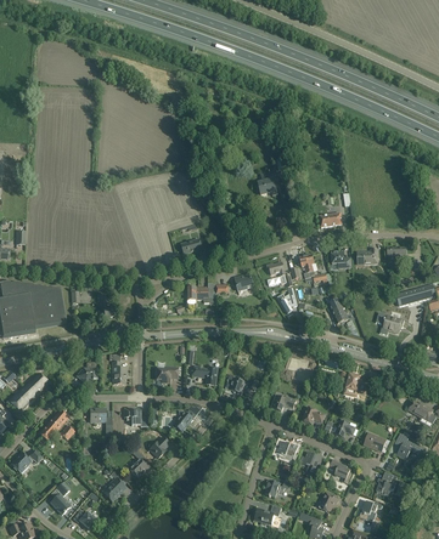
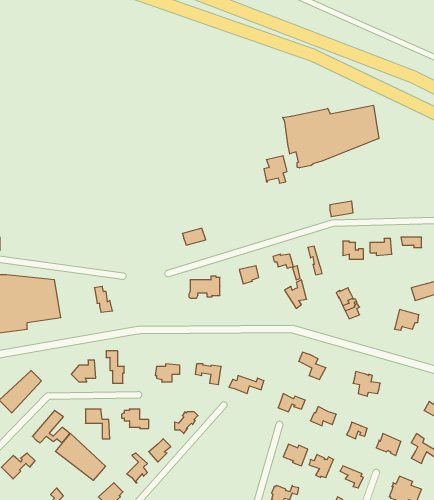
building: none -> [283,105,379,168]
building: none -> [55,434,105,480]

